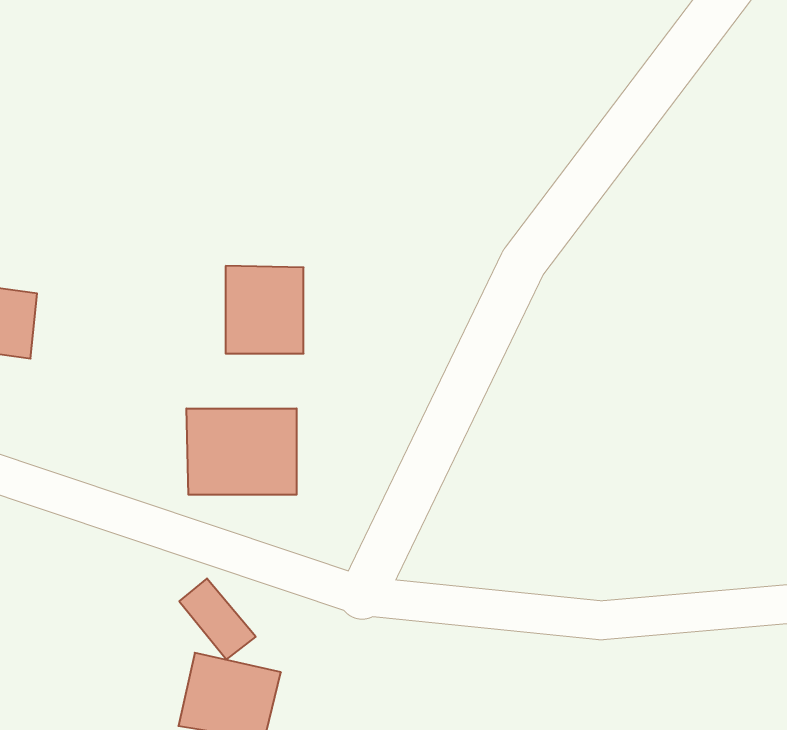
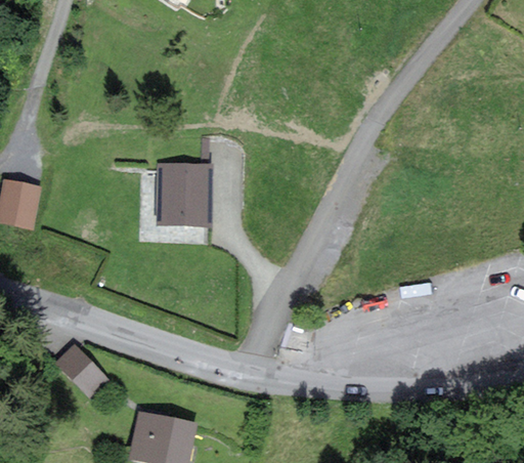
building: [186,408,297,495] -> none
building: [179,578,256,660] -> [57,344,105,395]

